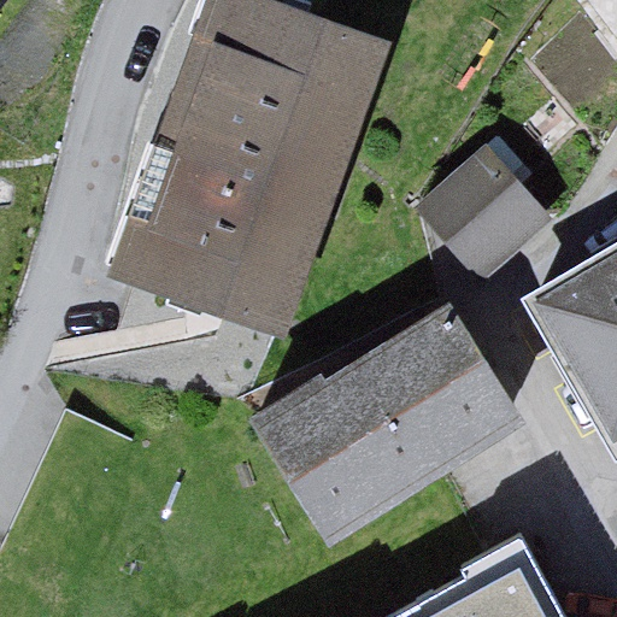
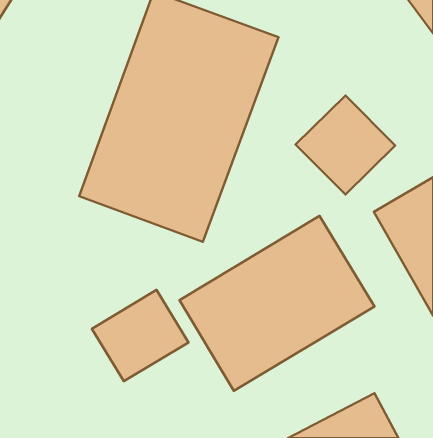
building: none -> [92,290,189,381]

